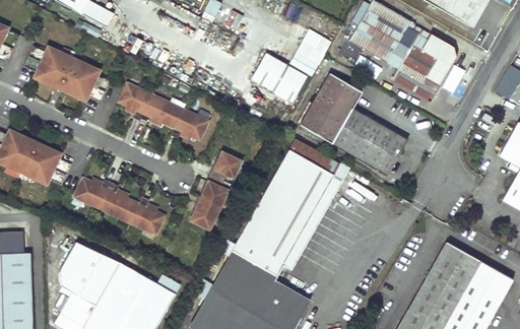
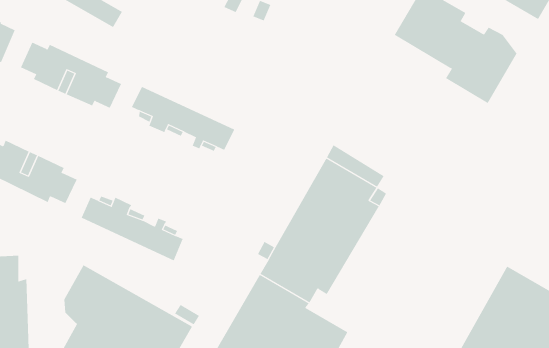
building: [248,27,330,101] -> none
building: [300,71,408,175] -> none
building: [193,153,243,231] -> none

